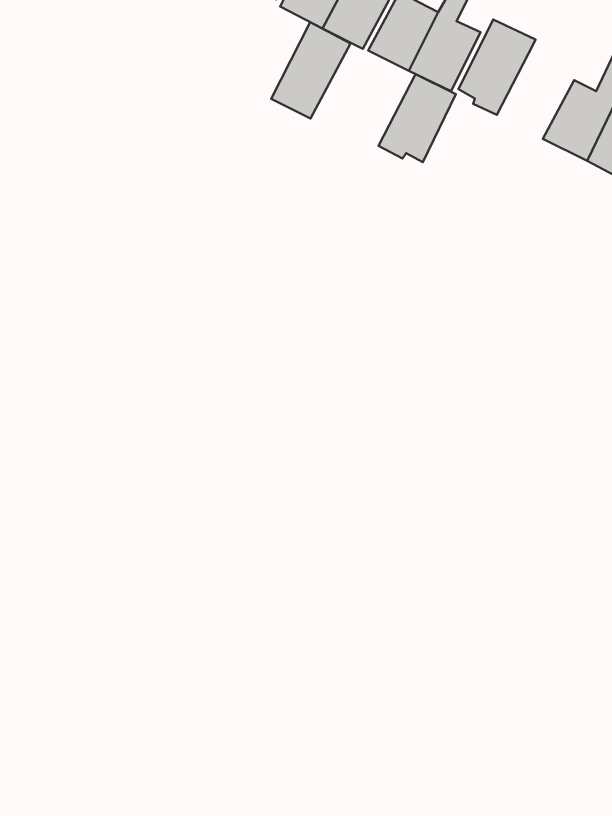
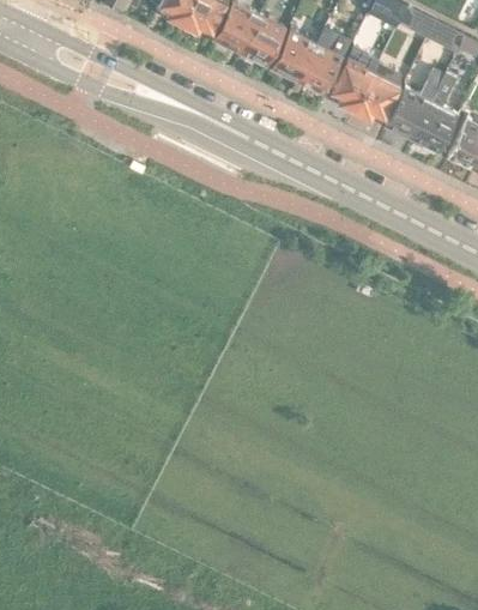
building: [271,22,350,119] -> none
building: [379,74,456,162] -> [356,62,406,120]

